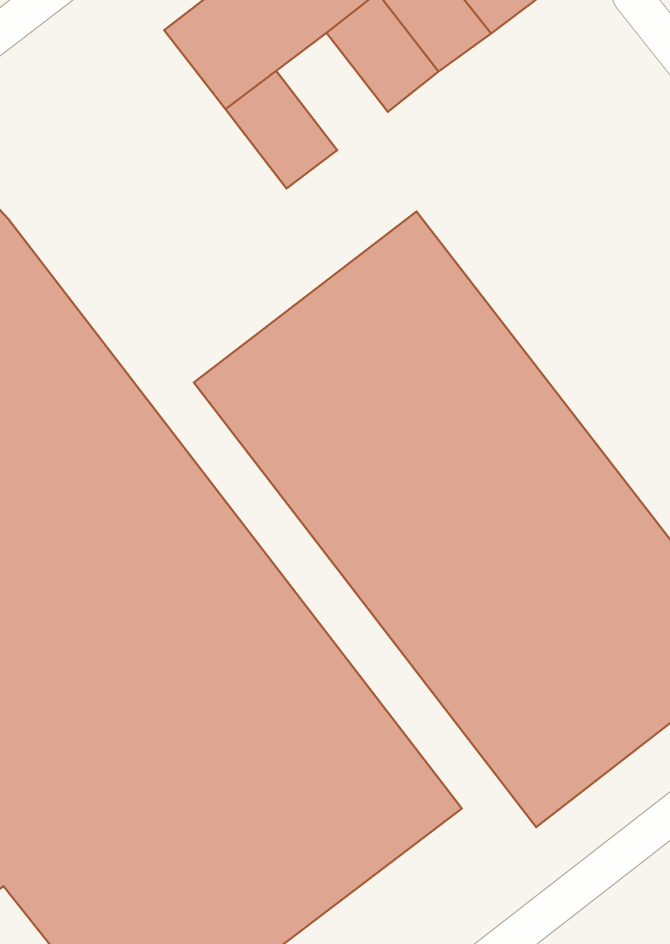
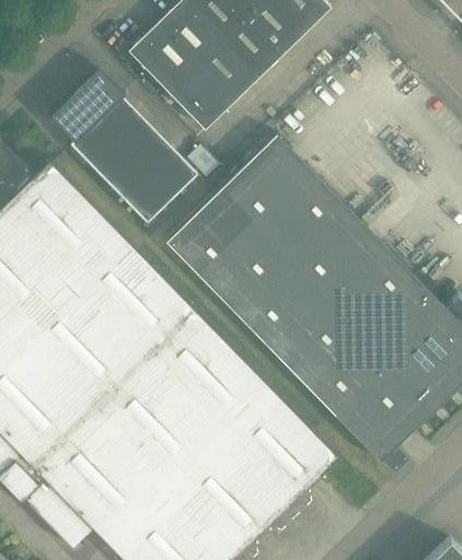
building: none -> [190,42,254,105]
building: none -> [48,66,197,222]

